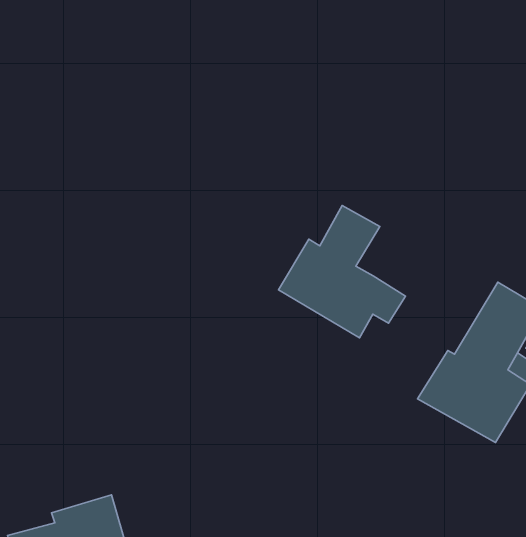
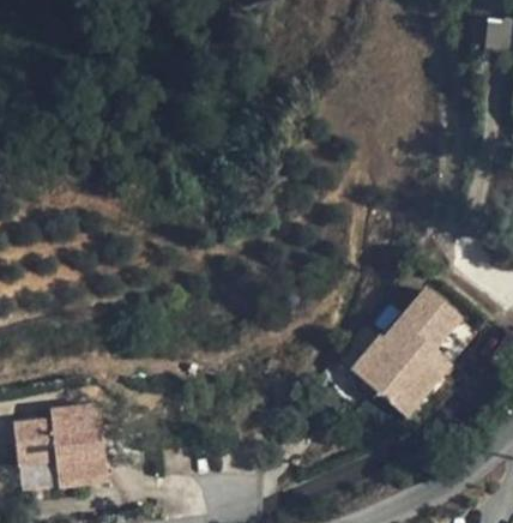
building: [278,206,405,338] -> none

